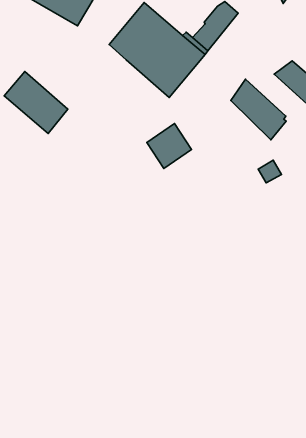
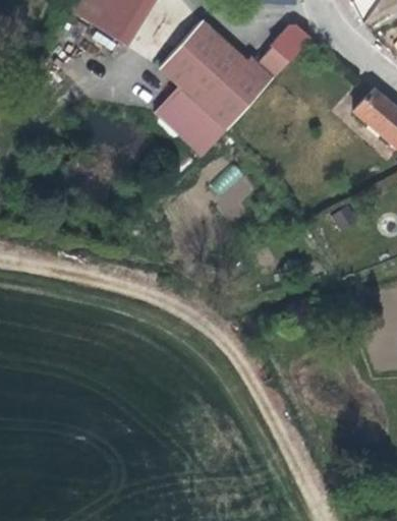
building: [4,71,68,133] -> [159,86,231,157]
building: [231,79,286,140] -> none

